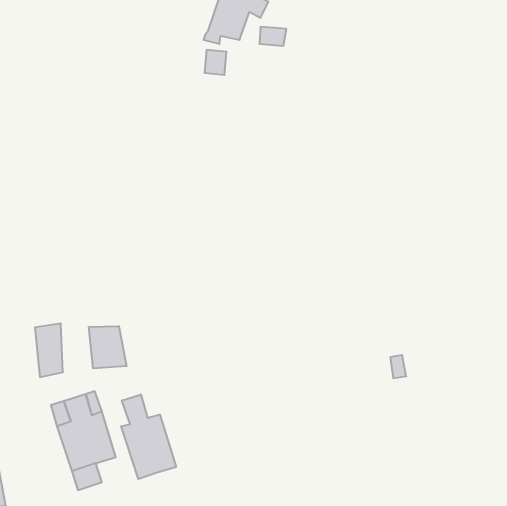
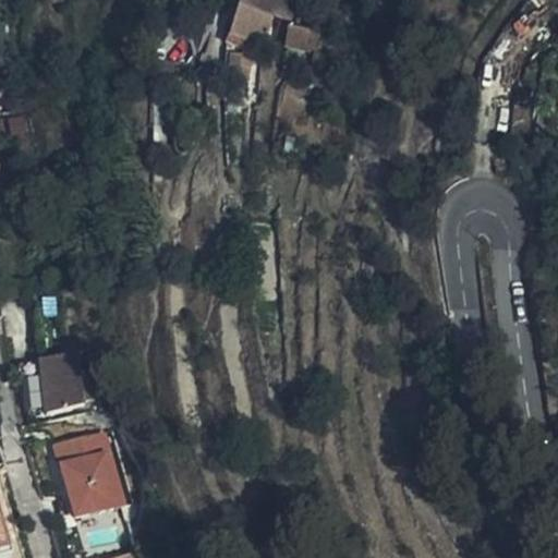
building: [89,326,126,368] -> none
building: [121,394,176,479] -> none

